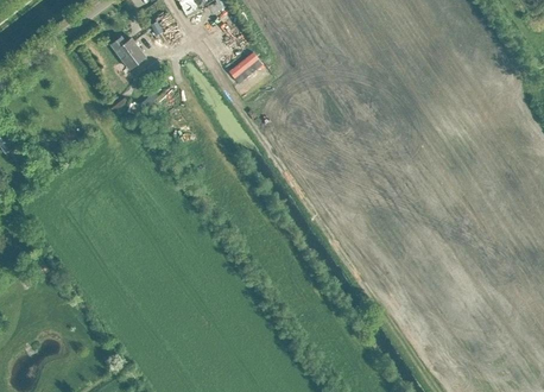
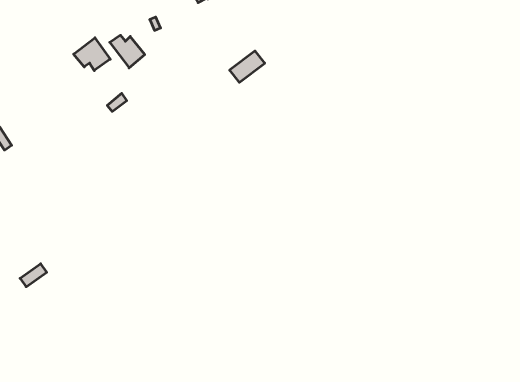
building: none -> [74,38,110,71]

